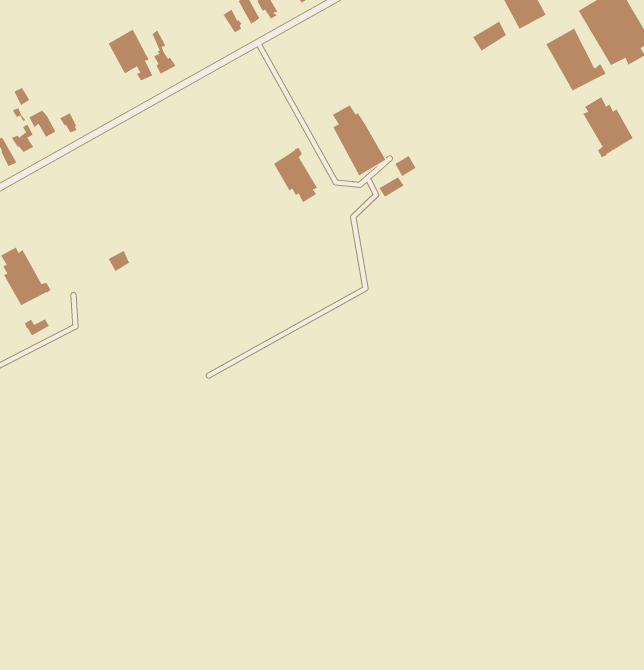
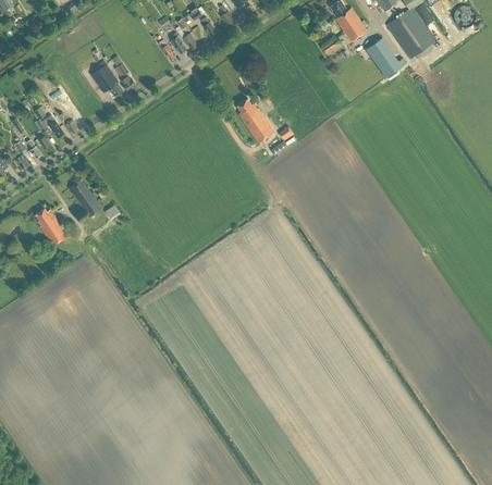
building: [582,96,633,158] -> none
building: [273,147,318,203] -> none
building: none -> [69,179,103,216]

